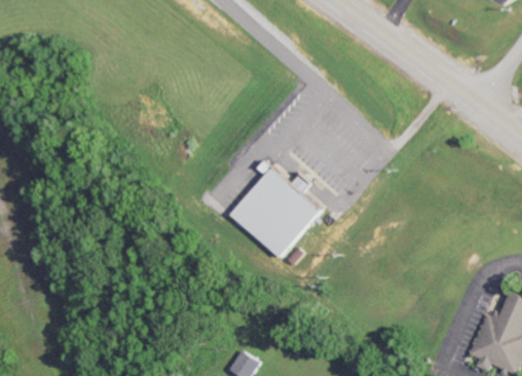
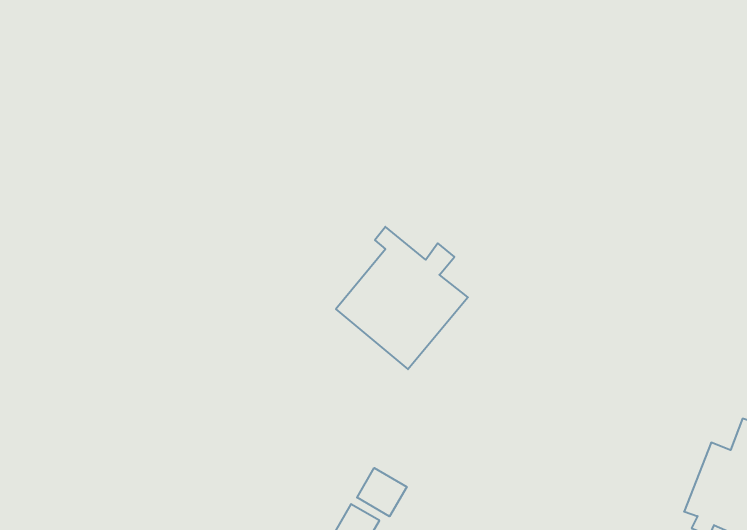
building: none -> [357,468,407,516]

